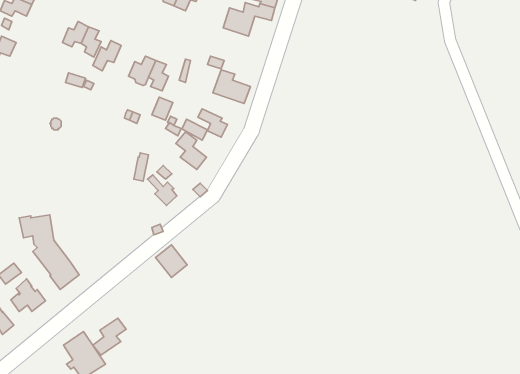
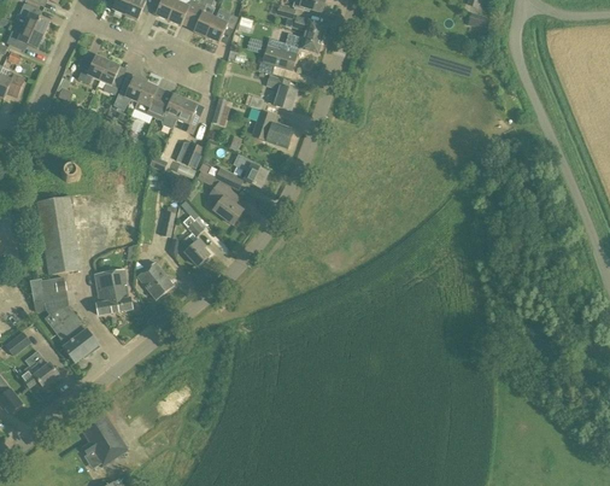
building: none -> [266,74,297,110]
building: none -> [134,82,162,117]
building: none -> [37,195,82,274]
building: none -> [94,268,133,315]
building: [156,245,187,277] -> [137,262,174,299]
building: [93,318,126,355] -> none

